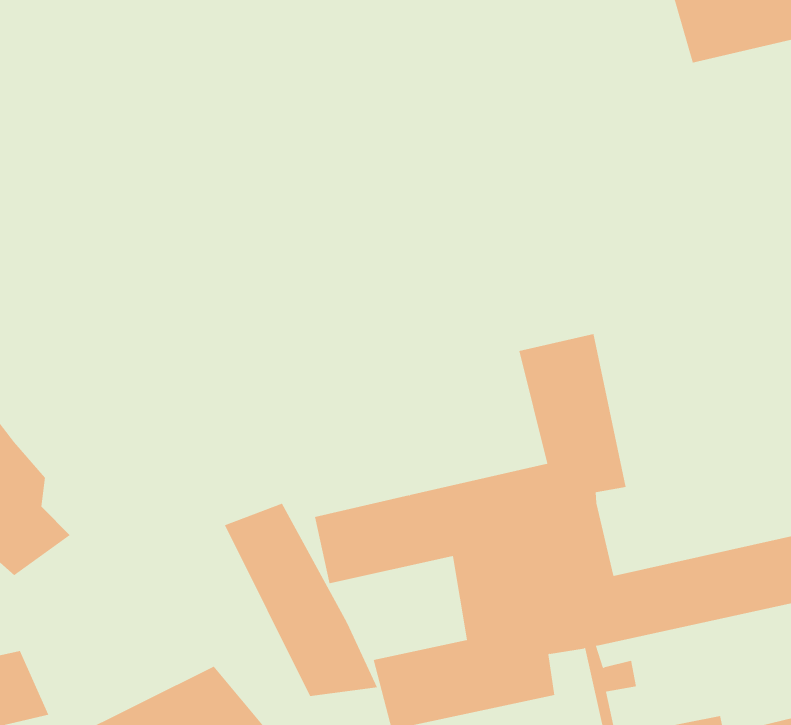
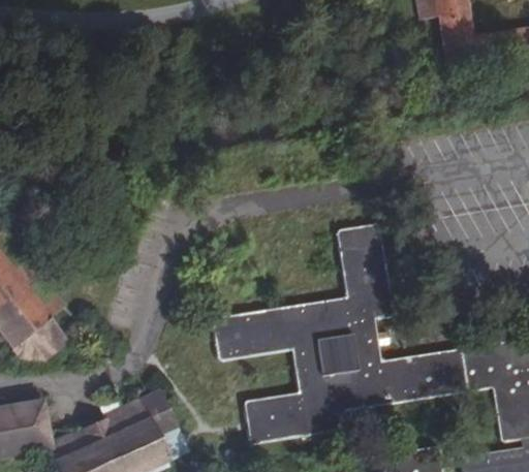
building: [224,503,378,697] -> none

